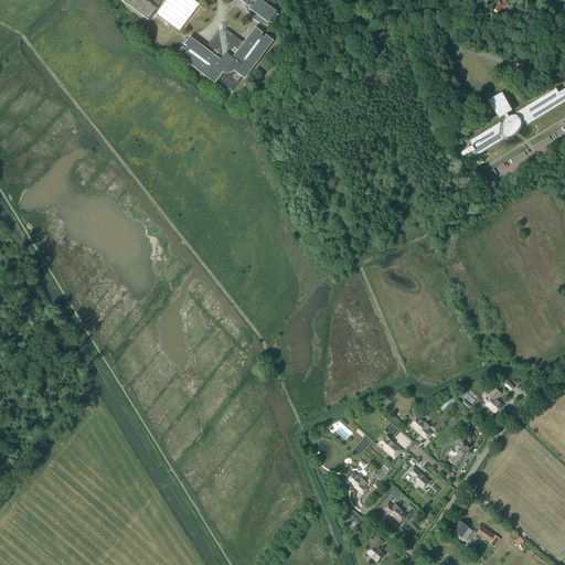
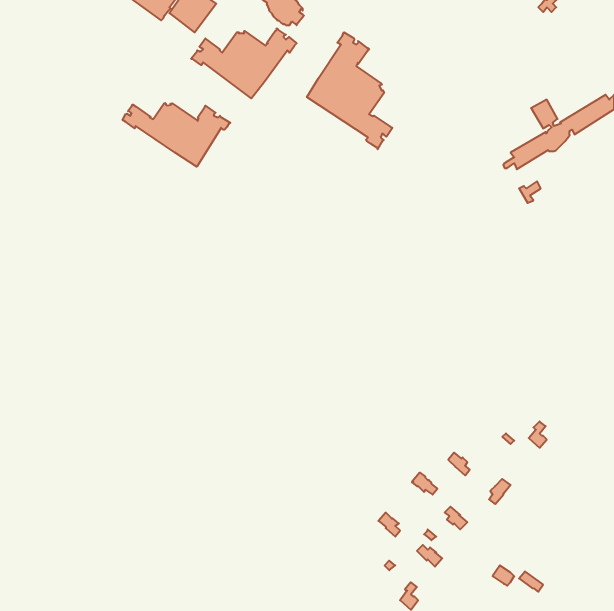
building: none -> [307,32,392,149]
building: none -> [123,103,230,167]

